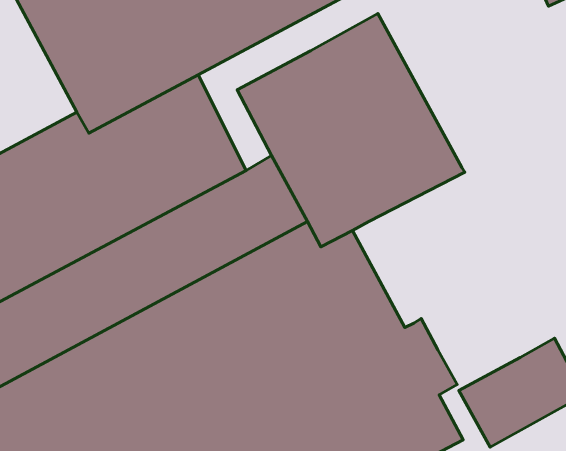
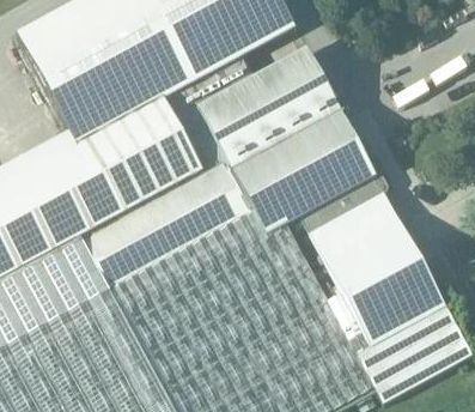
building: none -> [163,56,252,175]
building: none -> [299,171,445,346]

